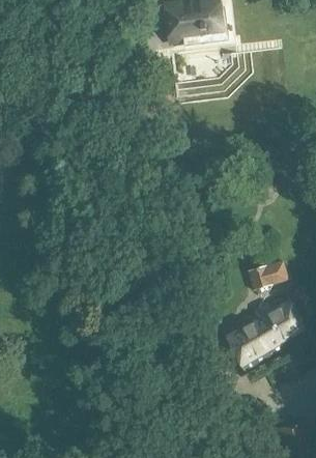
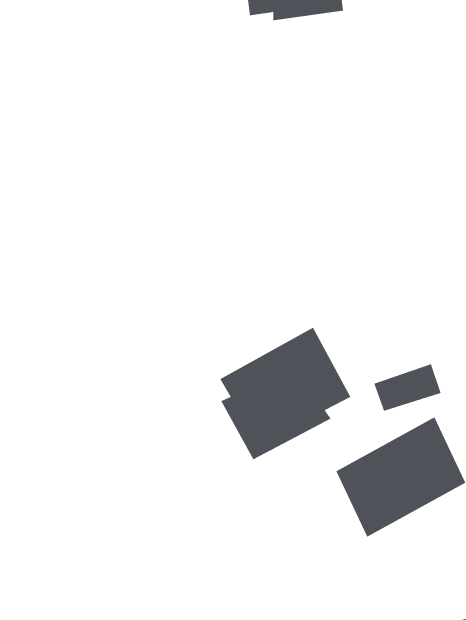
building: none -> [220,327,351,460]

